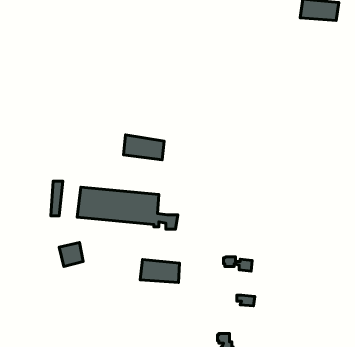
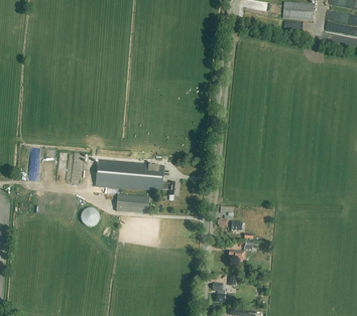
building: [123,135,164,160] -> none
building: [140,260,180,282] -> [115,194,148,213]

